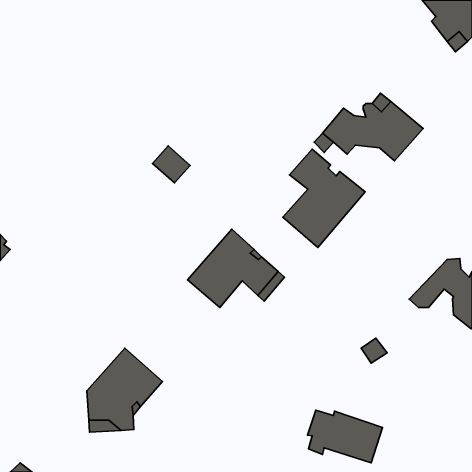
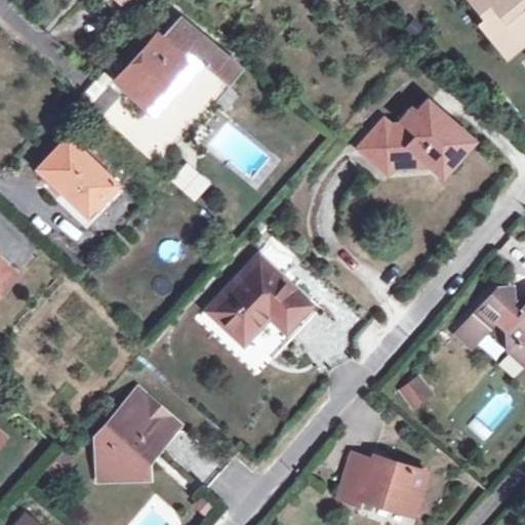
building: none -> [112,16,239,109]
building: none -> [36,136,122,215]
building: [283,149,365,248] -> none

